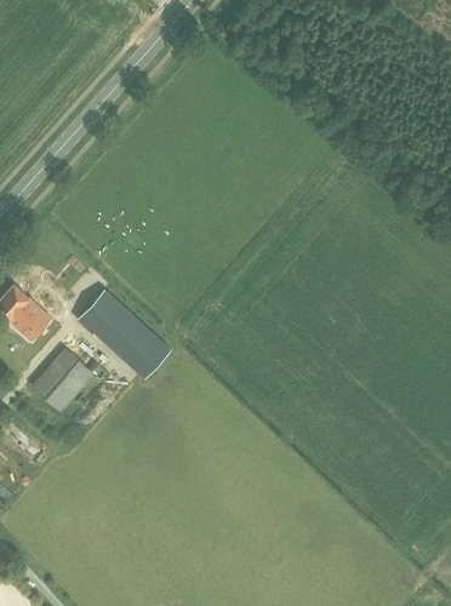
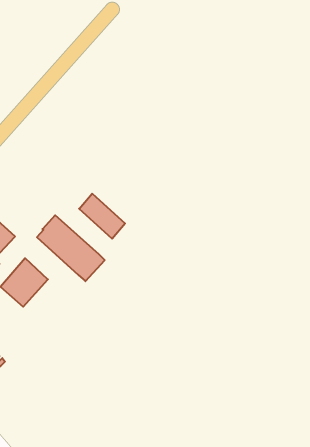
building: none -> [79,194,125,239]

